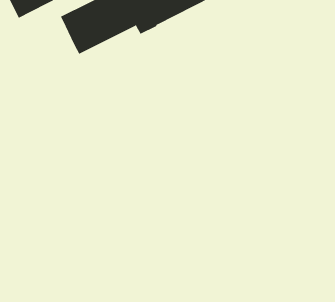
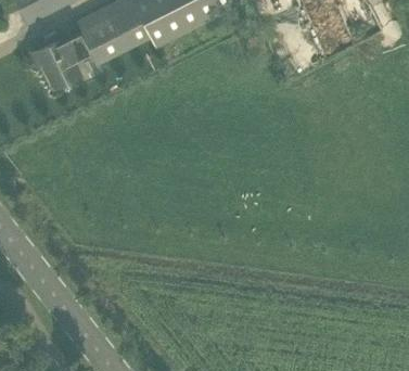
building: none -> [31,36,90,90]

